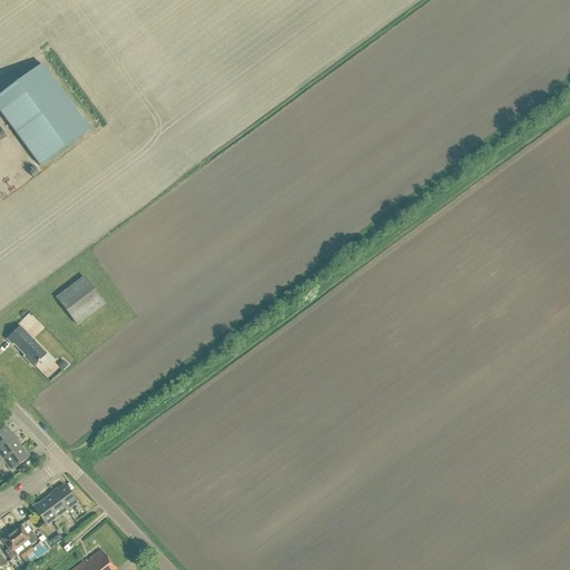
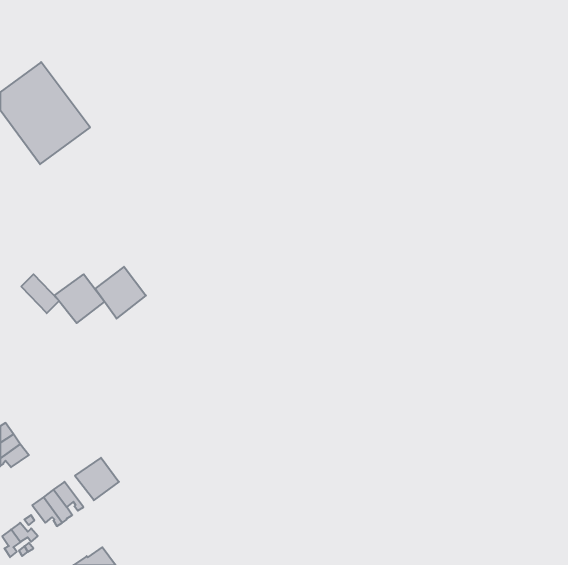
building: none -> [95,267,146,319]
building: [8,325,46,364] -> [21,274,59,313]
building: none -> [75,458,119,500]

